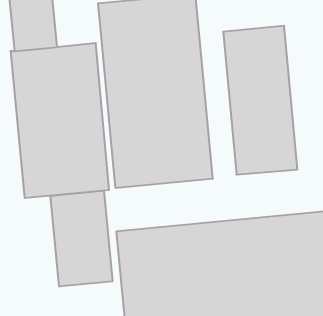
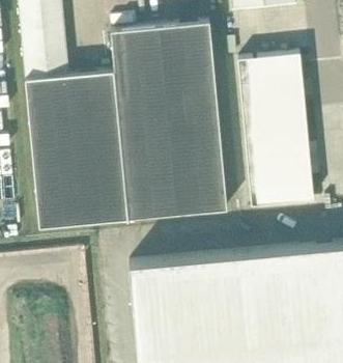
building: [51,191,112,287] -> none

